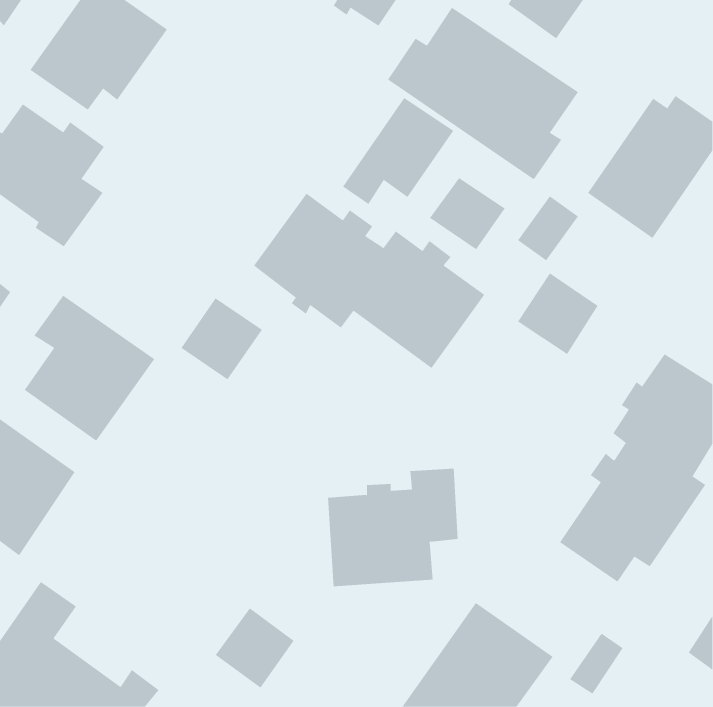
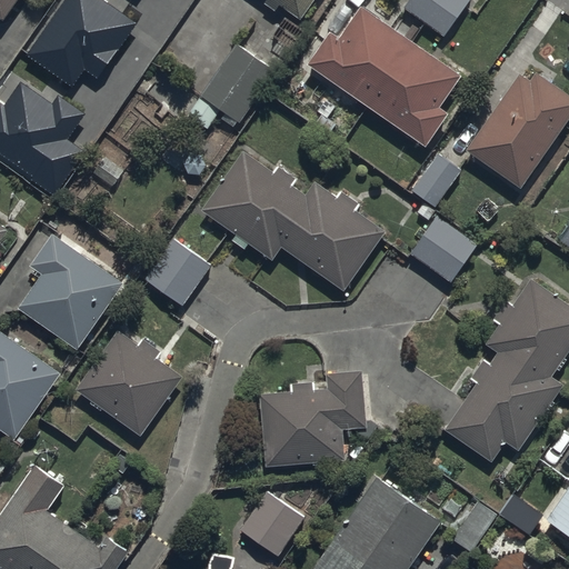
building: [342,97,454,205] -> [186,44,274,130]
building: [429,177,506,250] -> none
building: none -> [76,332,183,438]
building: [215,607,294,689] -> [238,488,301,552]

